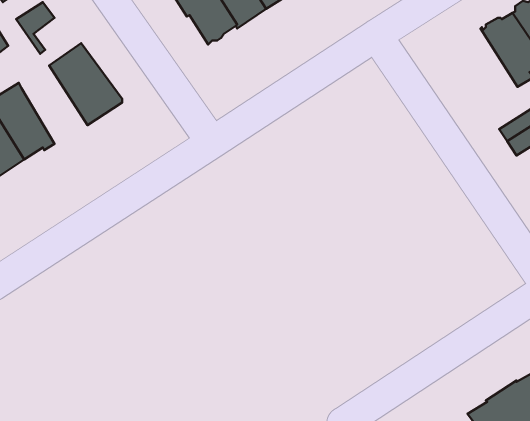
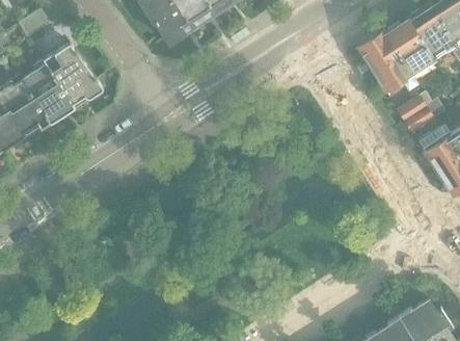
building: none -> [358,31,413,89]
building: none -> [24,60,76,123]

